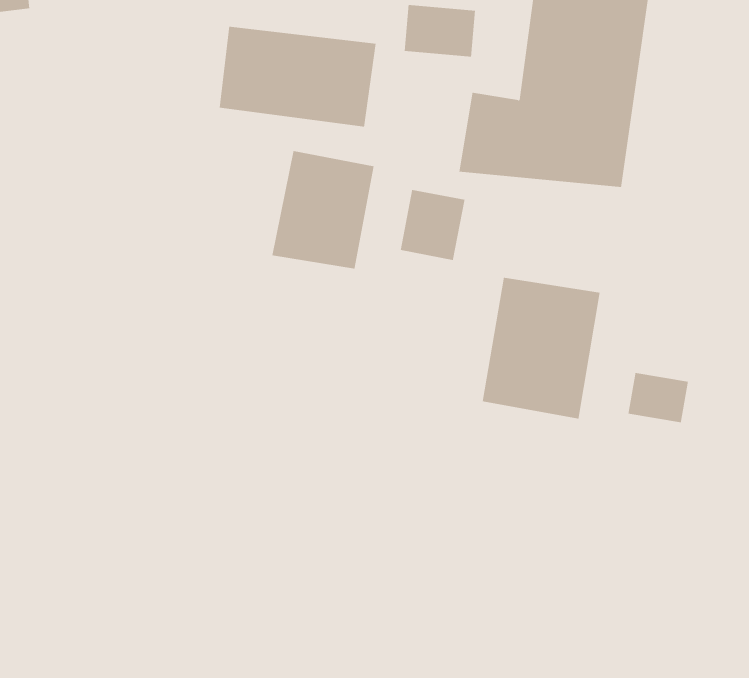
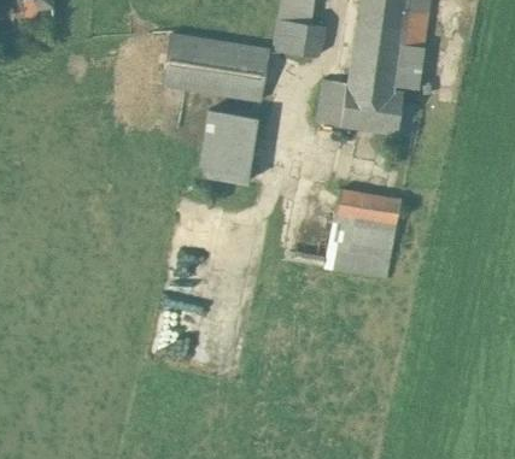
building: [400,189,465,261] -> none
building: [628,372,688,423] -> none

